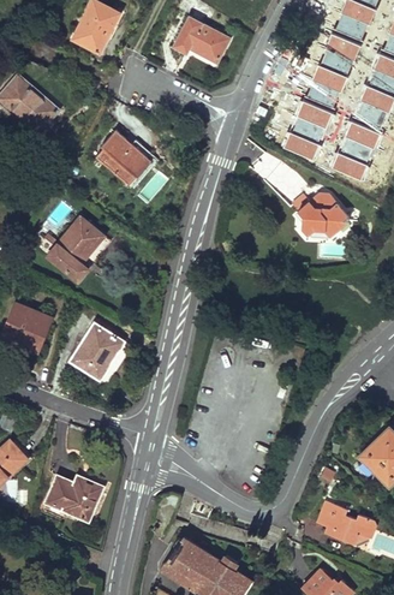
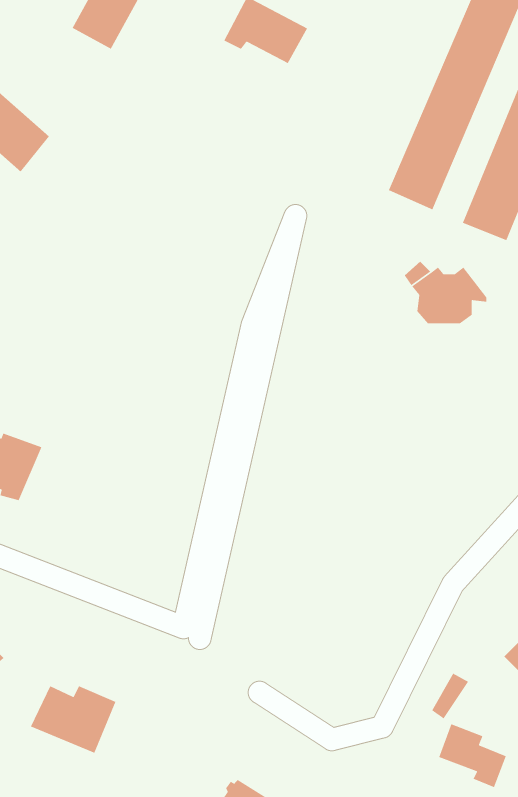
building: [96,130,159,189] -> none
building: [37,215,105,281] -> none
building: [71,323,124,380] -> none

